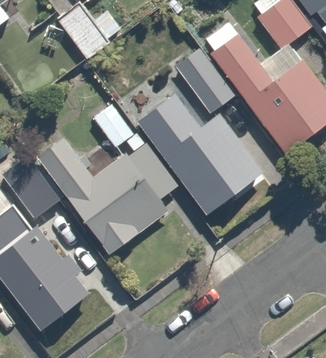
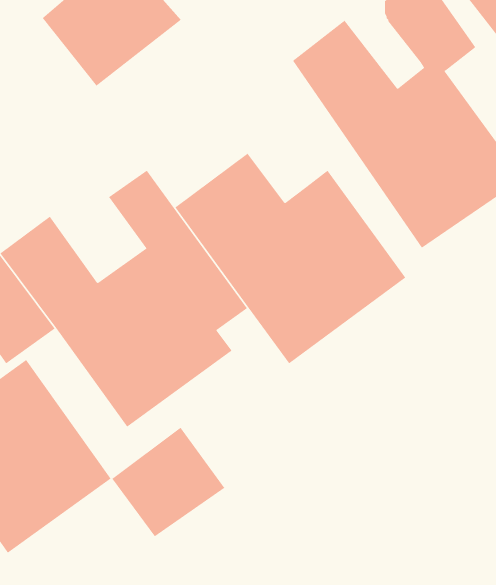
building: [174,48,236,116] -> none
building: none -> [112,427,225,537]

